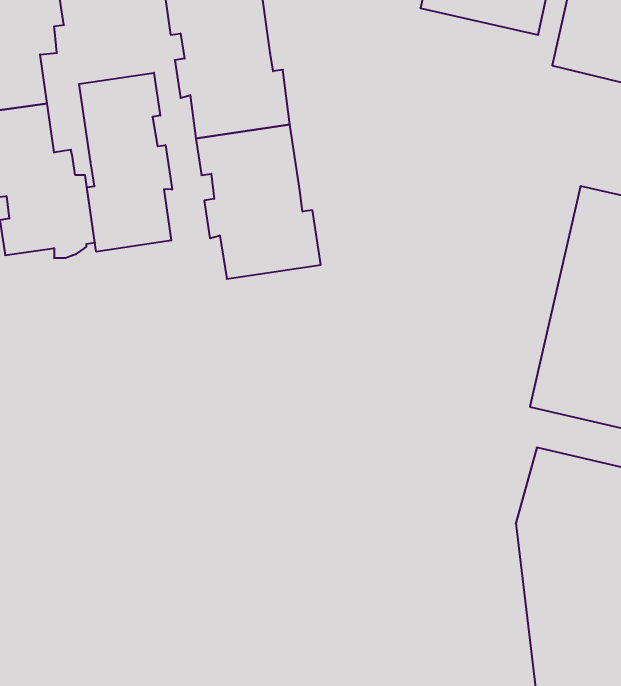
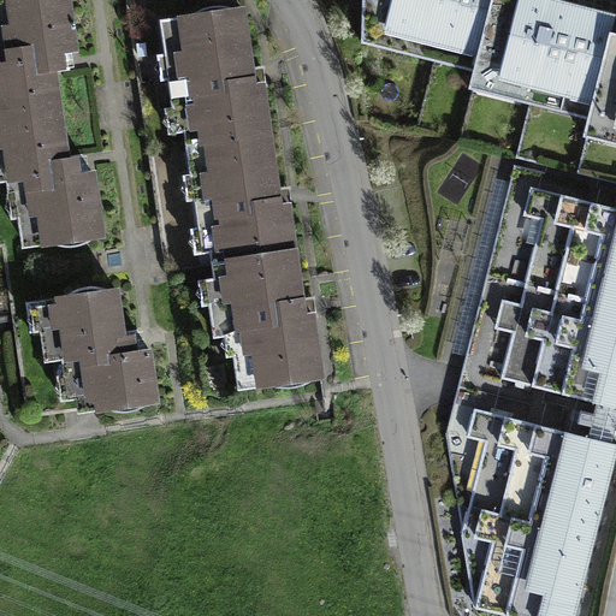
building: [79,73,172,252] -> none
building: none -> [213,253,322,387]
building: none -> [45,286,158,411]

